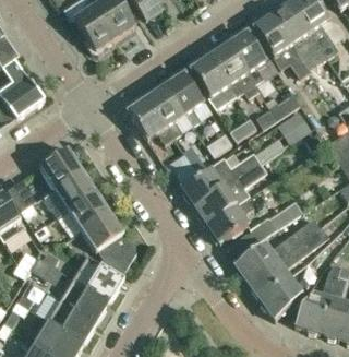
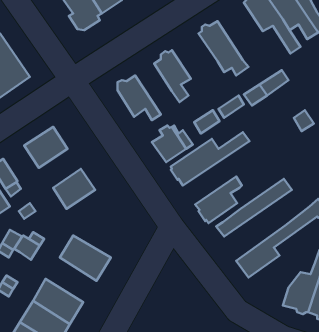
building: [229,32,266,83] -> none
building: [192,57,236,109] -> none
building: [148,86,184,136] -> none
building: [277,109,312,143] -> none
building: [195,163,266,225] -> none
building: [53,170,95,209] -> none
building: [81,211,135,272] -> none
building: [234,218,320,281] -> none
building: [260,275,310,319] -> none
building: [60,277,110,321] -> none

